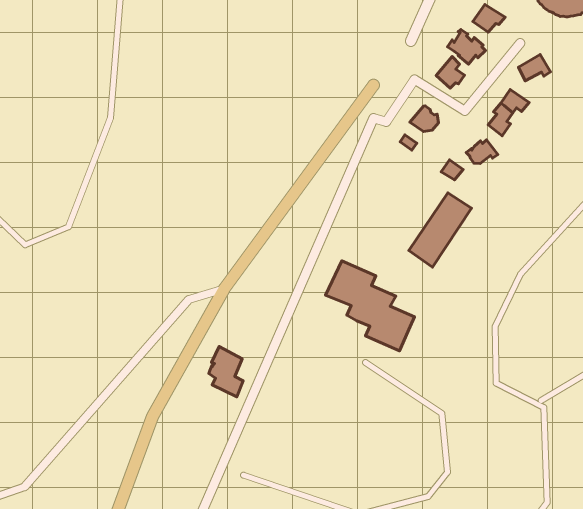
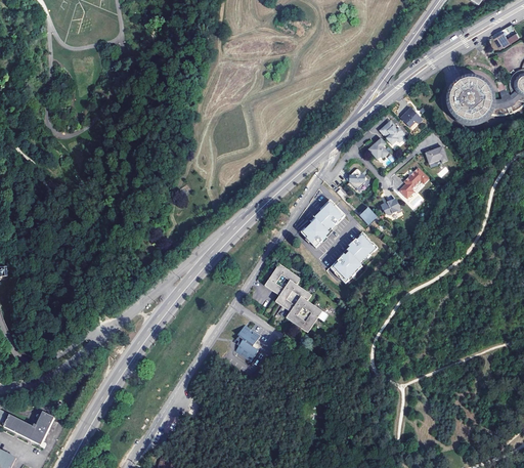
building: none -> [298,200,345,247]
building: [209,346,243,397] -> [234,324,259,360]

